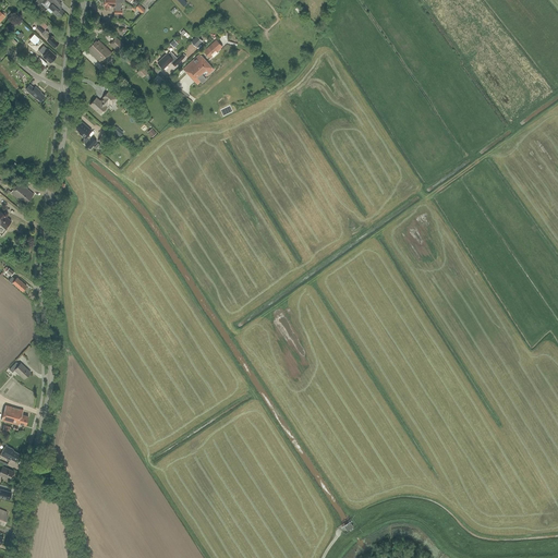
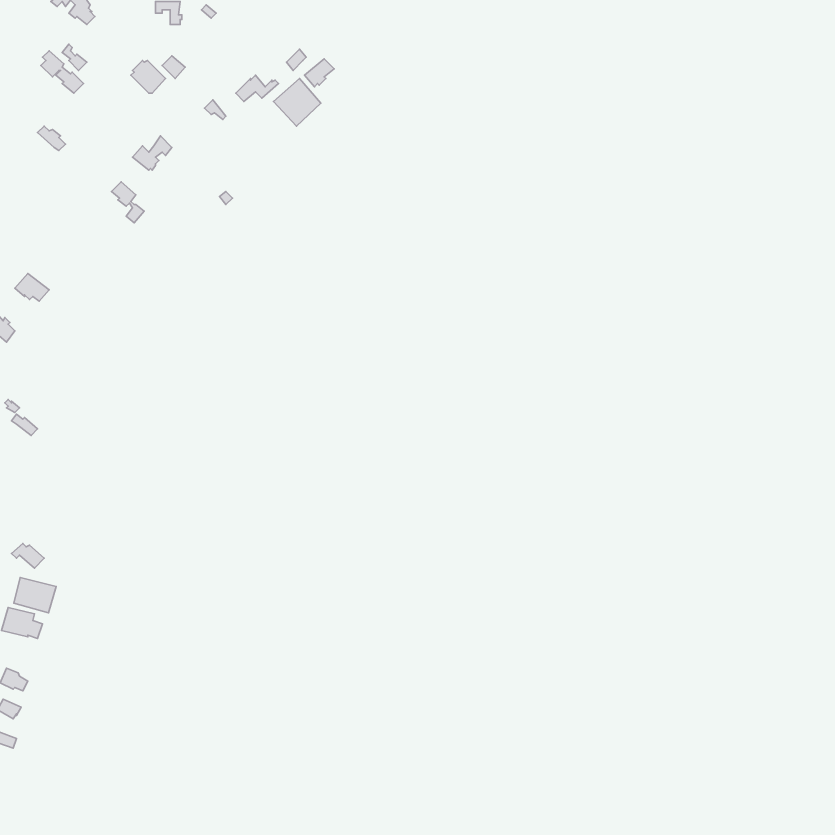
building: none -> [14,577,56,613]

